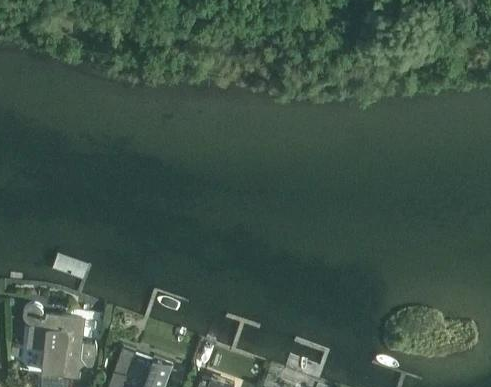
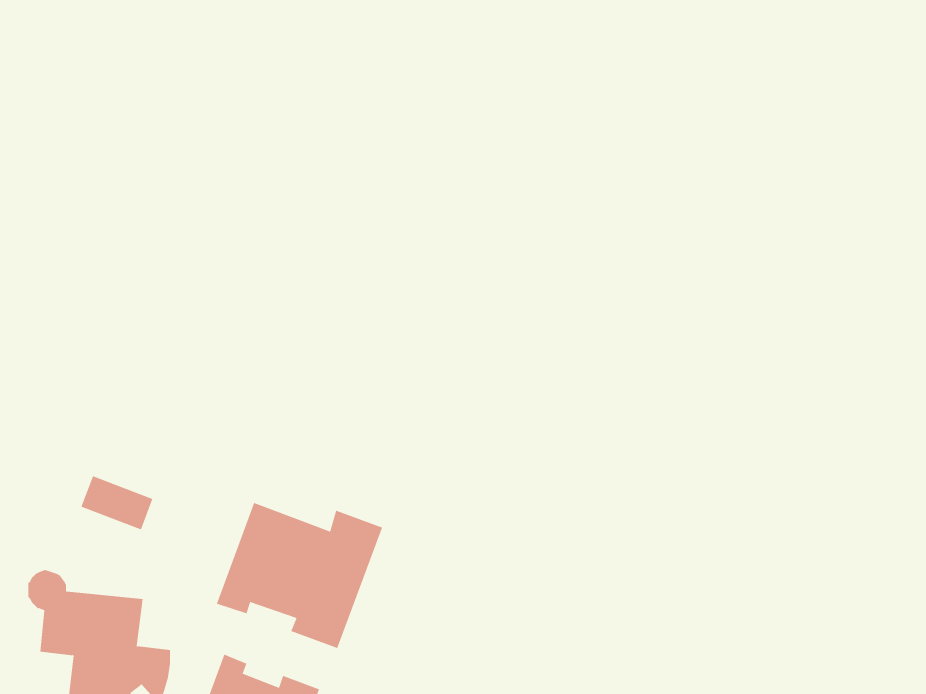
building: none -> [216,502,383,649]

